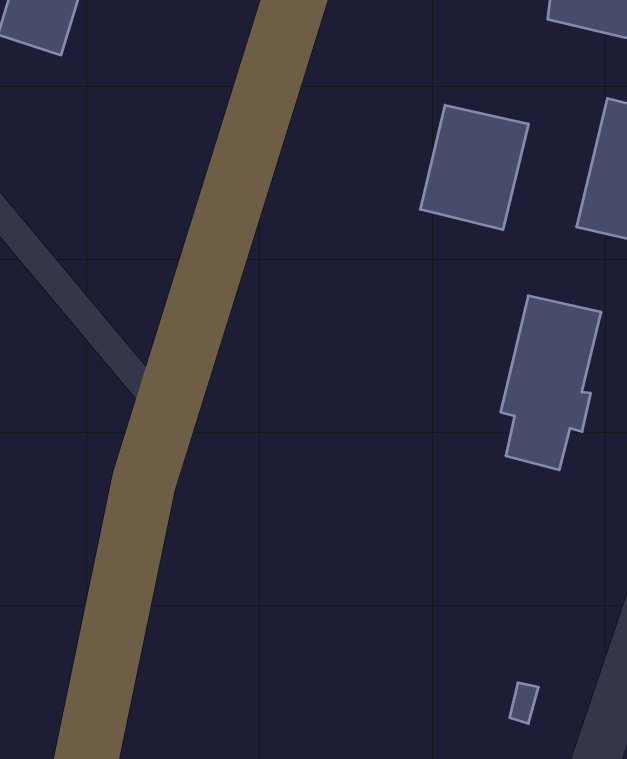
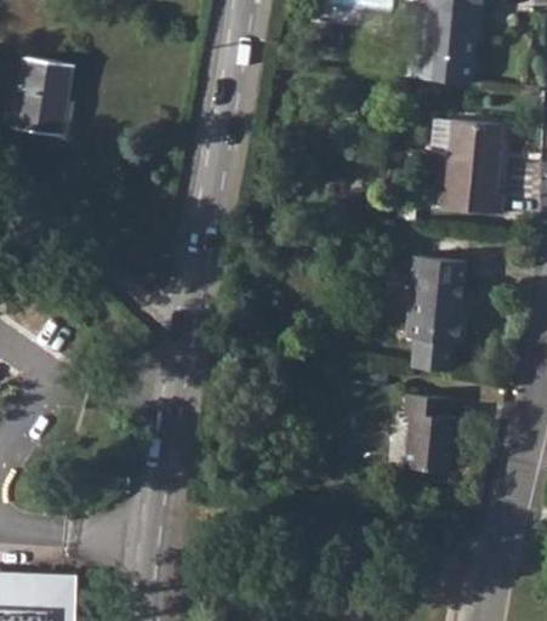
building: [420,105,528,230] -> none
building: none -> [403,394,452,472]

